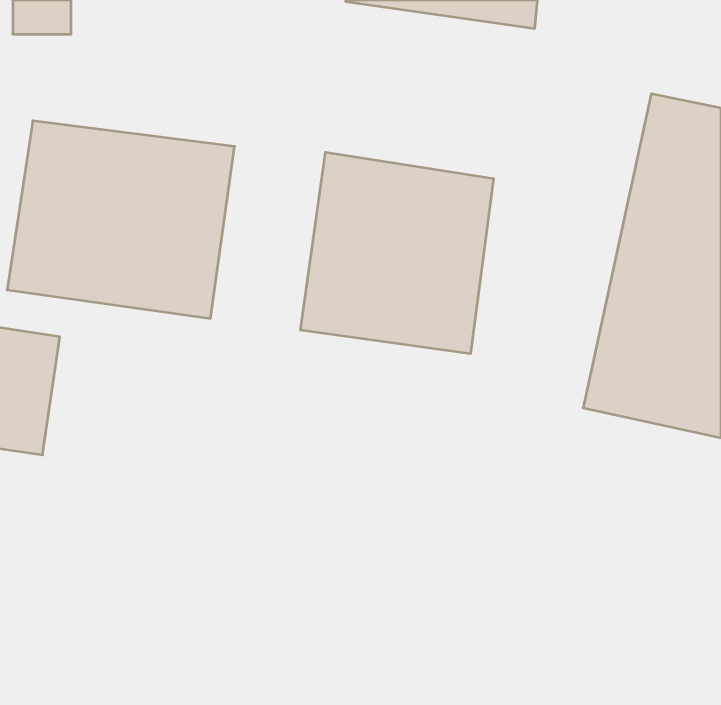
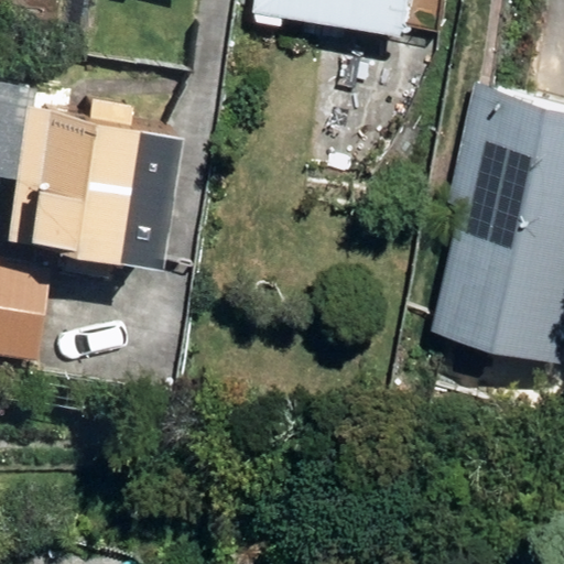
building: [301,152,493,354] -> none

